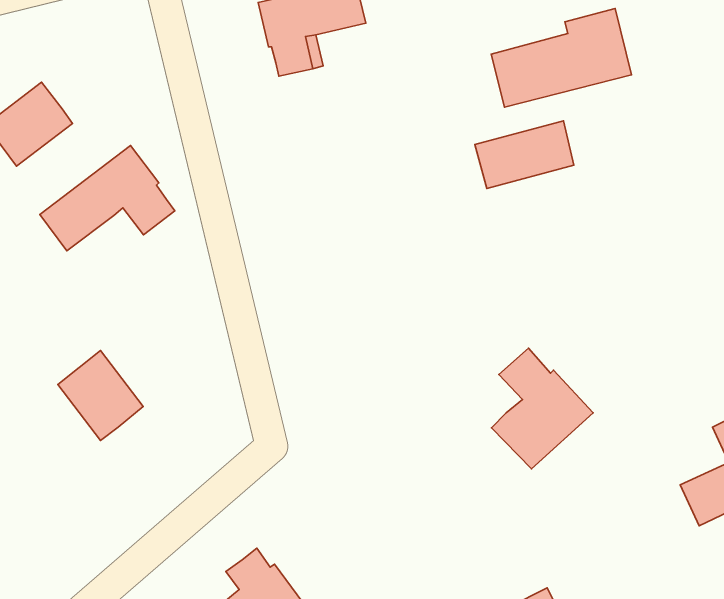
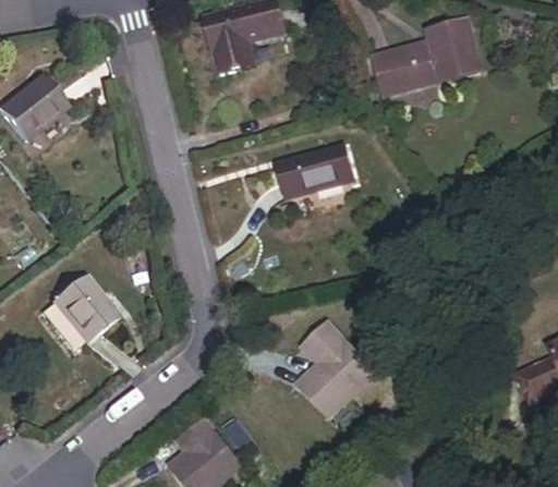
building: [475,121,574,189] -> [278,147,351,197]
building: [40,145,175,251] -> none
building: [492,348,593,469] -> [299,326,374,415]

